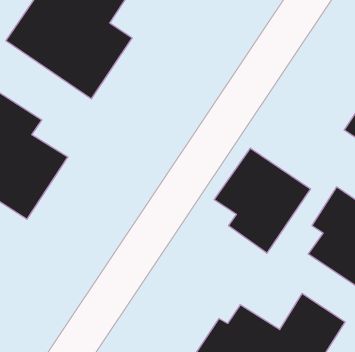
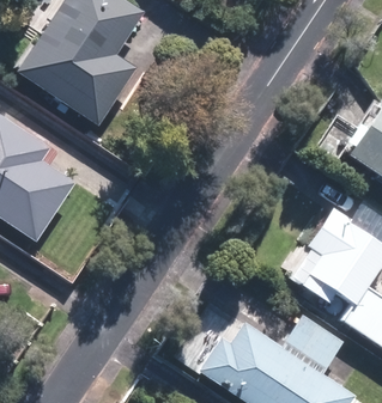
building: [214,148,311,253] -> none

